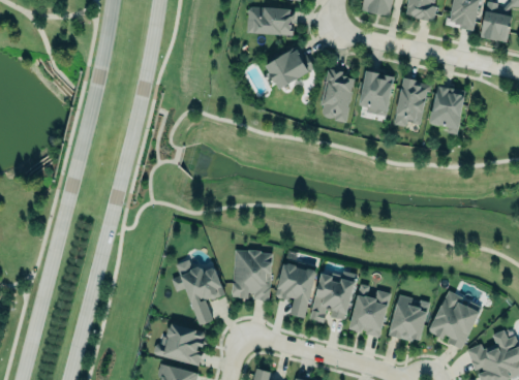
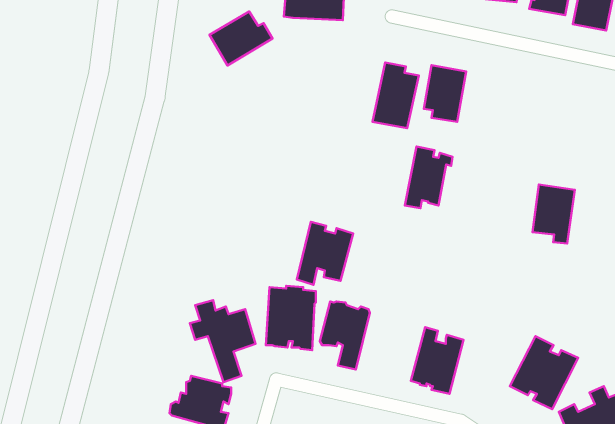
building: [265,47,315,91] -> [209,12,272,65]
building: [393,77,431,127] -> [405,146,453,208]
building: [431,87,465,134] -> [532,185,575,244]
building: [310,271,356,321] -> [297,222,353,285]
building: [389,295,430,343] -> none

